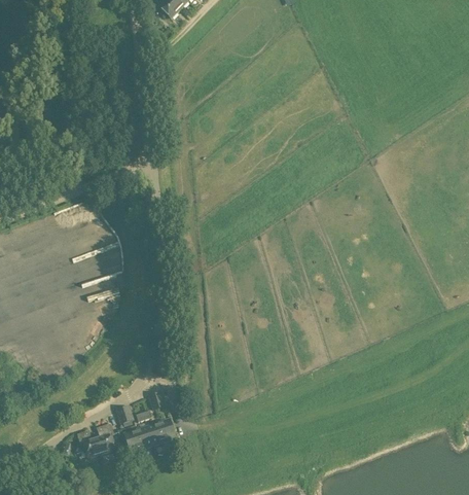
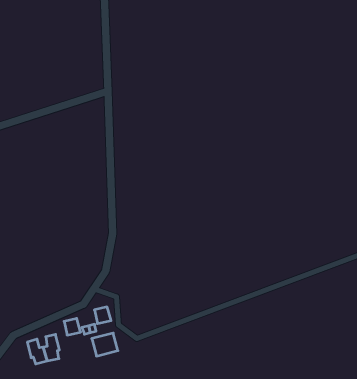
building: [123,425,152,452] -> none

